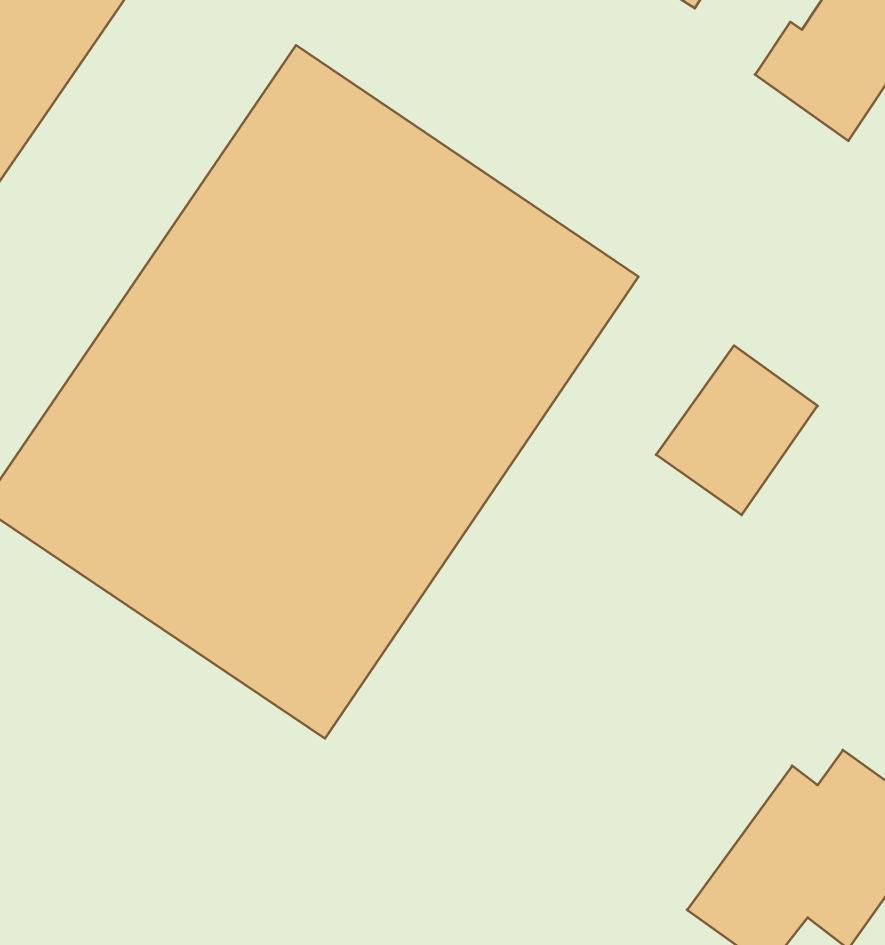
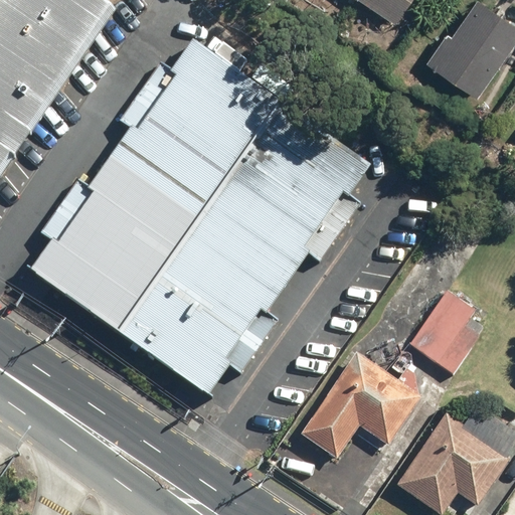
building: [656,346,818,515] -> [407,288,491,375]
building: none -> [300,350,423,460]

